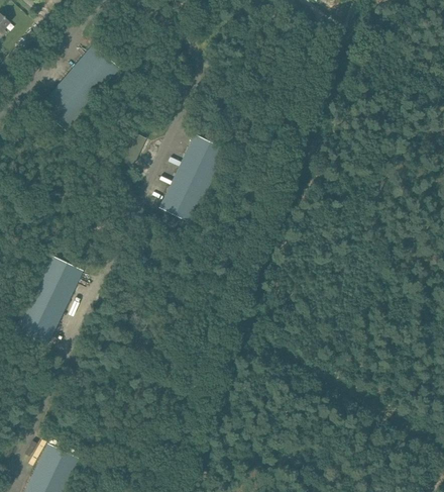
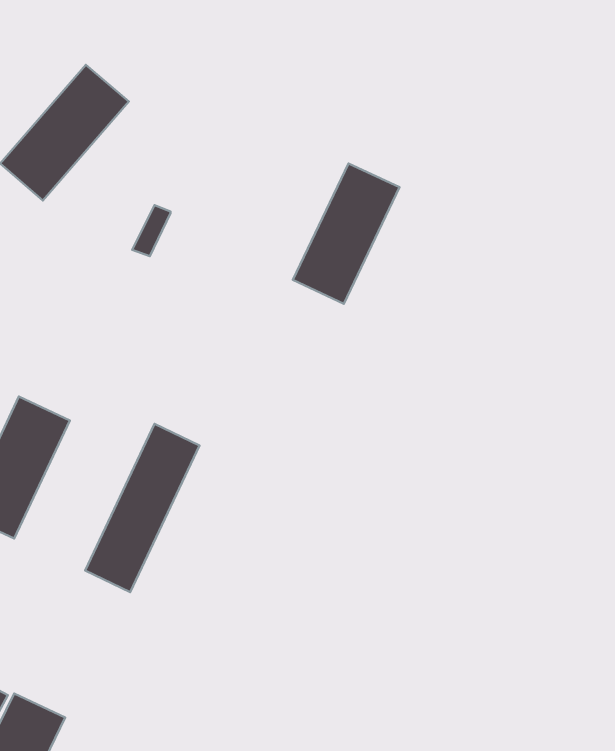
building: [160,133,228,222] -> [293,163,400,304]
building: none -> [85,424,200,592]

